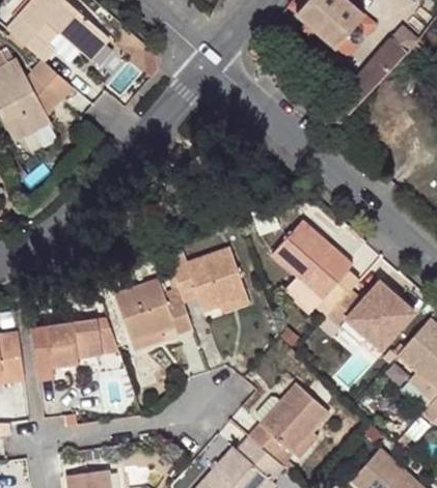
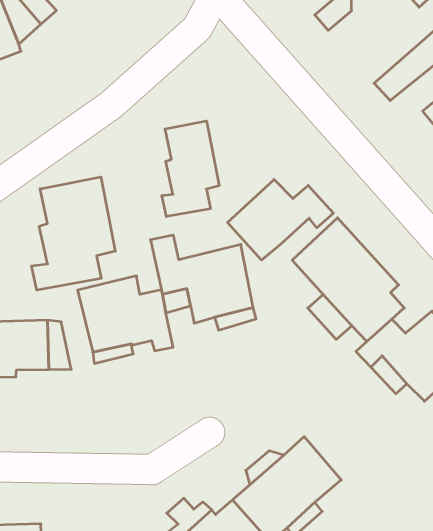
building: none -> [162,121,219,217]
building: none -> [228,179,333,260]
building: none -> [32,177,115,290]

